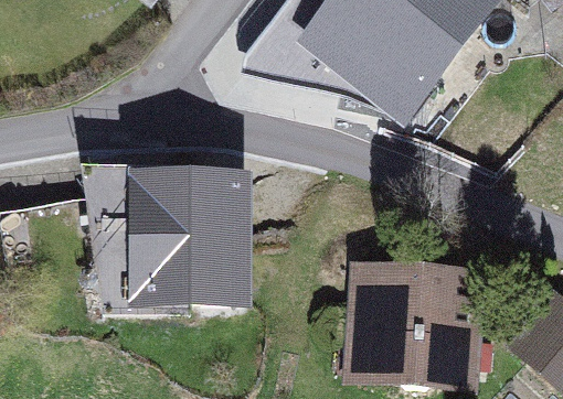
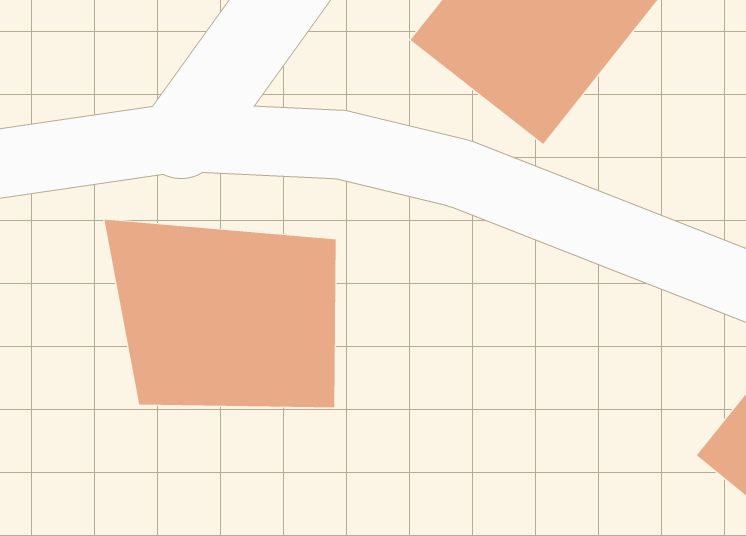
building: [357,271,490,386] -> none

